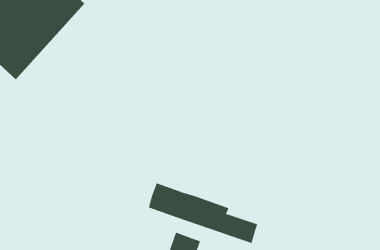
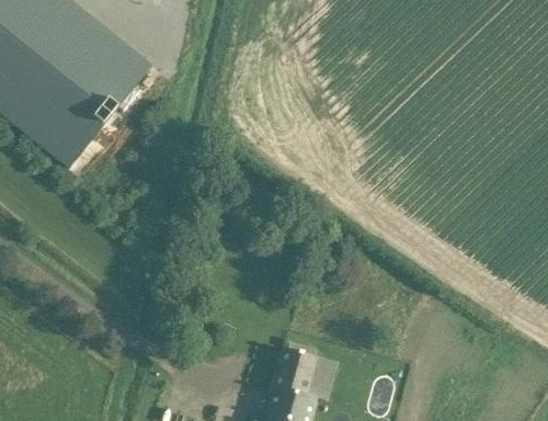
building: [148,183,258,244] -> none

